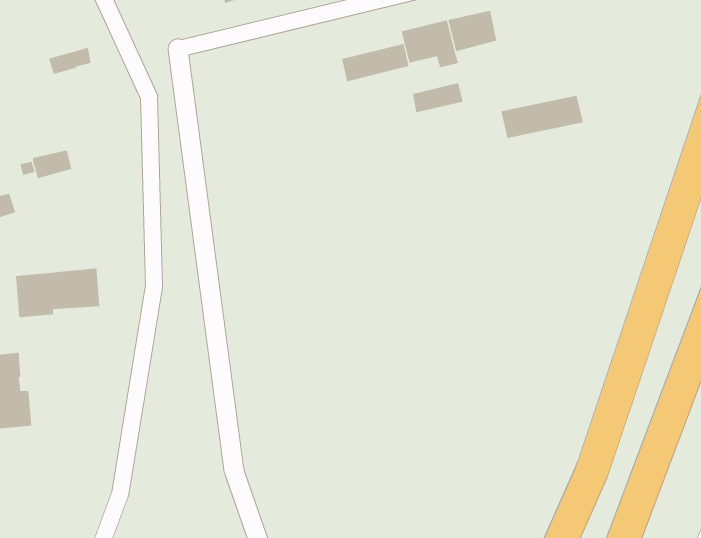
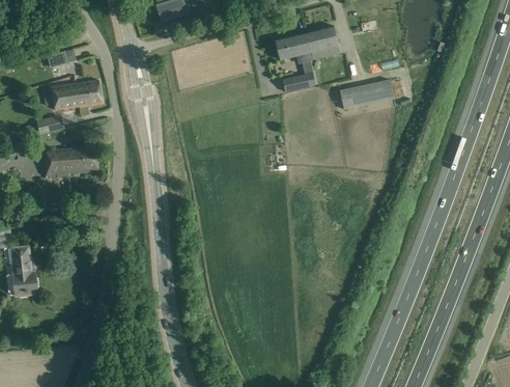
building: [341,43,409,82] -> none
building: none -> [51,79,102,110]
building: [15,268,100,318] -> [42,145,97,177]

